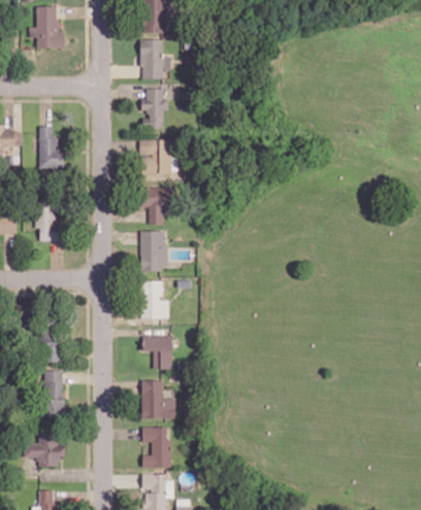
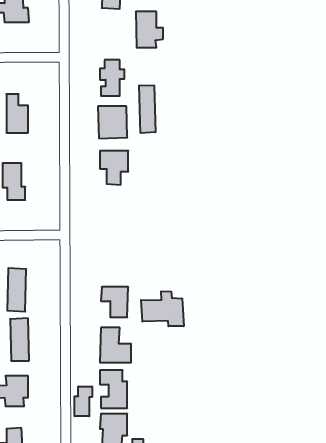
building: [140,39,170,78] -> [136,12,163,48]
building: none -> [139,85,155,133]
building: [139,231,168,270] -> none
building: [140,280,169,318] -> none
building: none -> [141,291,184,326]
building: none -> [75,386,92,416]

